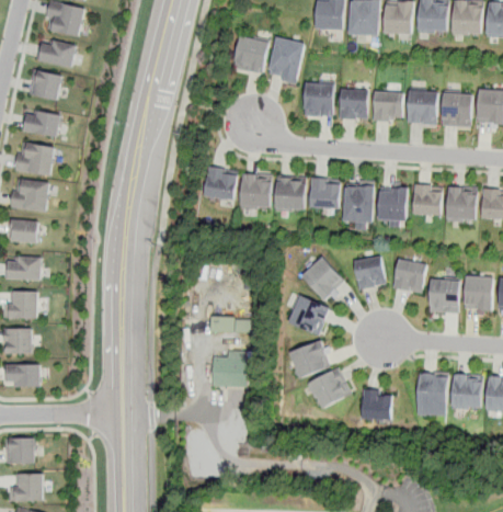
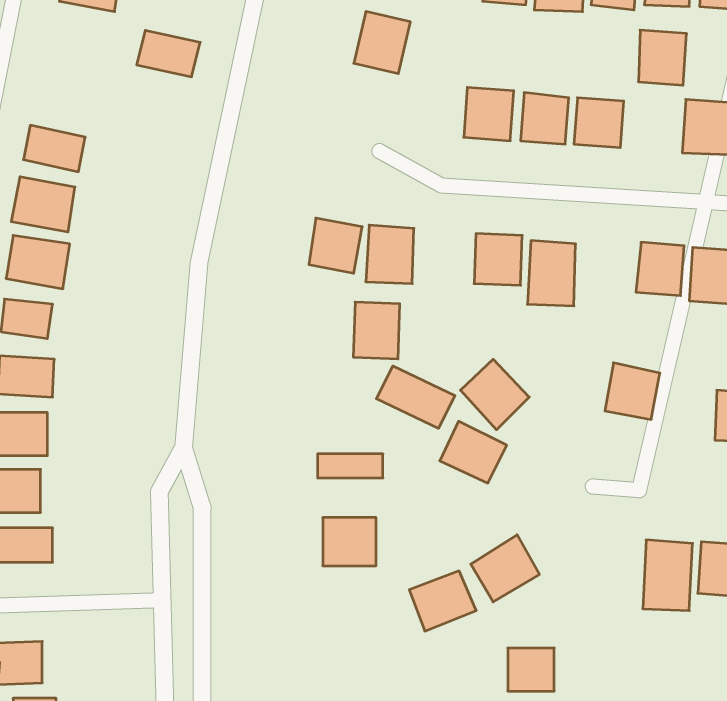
building: [37,37,78,67] -> [137,30,200,77]
building: [267,37,305,83] -> none
building: [30,69,64,100] -> none
building: [408,89,438,124] -> [638,30,687,85]
building: [275,173,305,209] -> [353,302,400,359]
building: [378,185,408,221] -> none
building: [353,255,386,291] -> none
building: none -> [376,366,455,428]
building: [428,280,460,314] -> none
building: [288,341,331,379] -> [409,571,476,631]
building: [363,392,392,420] -> [508,648,554,691]

